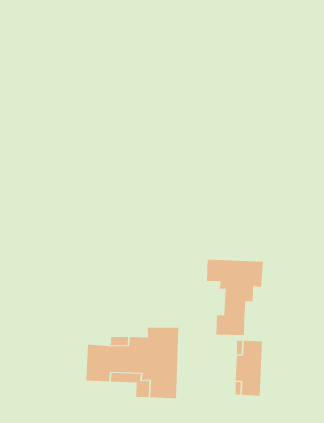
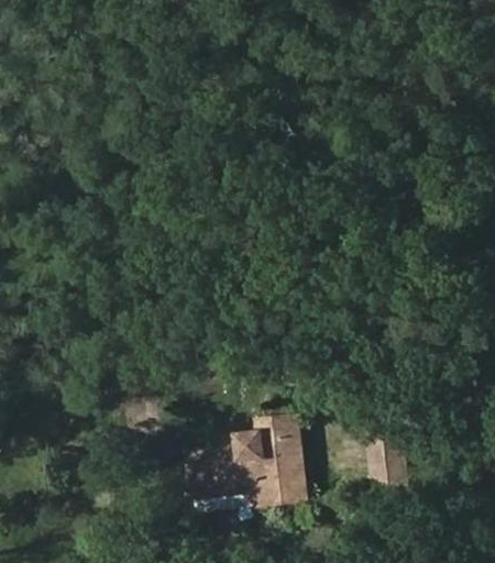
building: [207,259,263,336] -> none

